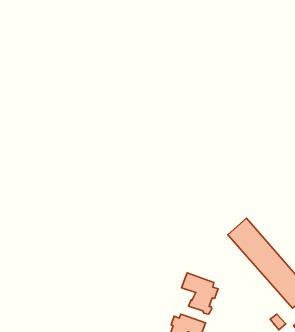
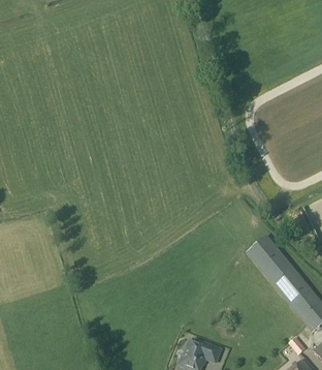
building: [182,273,218,314] -> none

